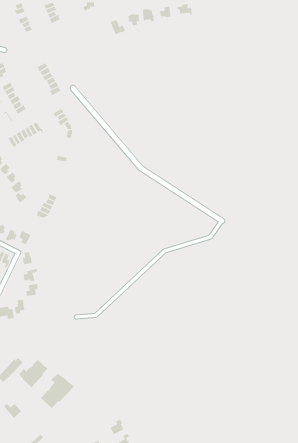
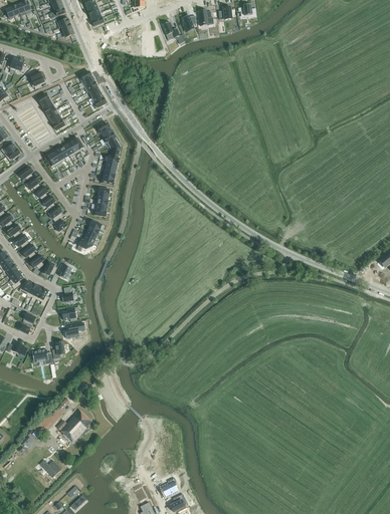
building: [40,373,75,409] -> none

